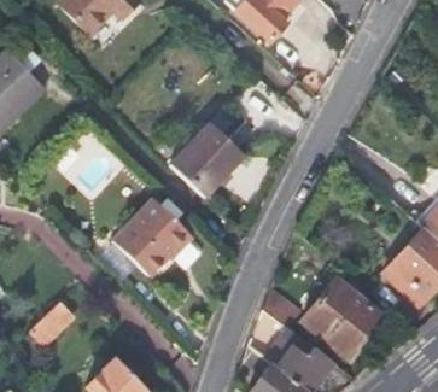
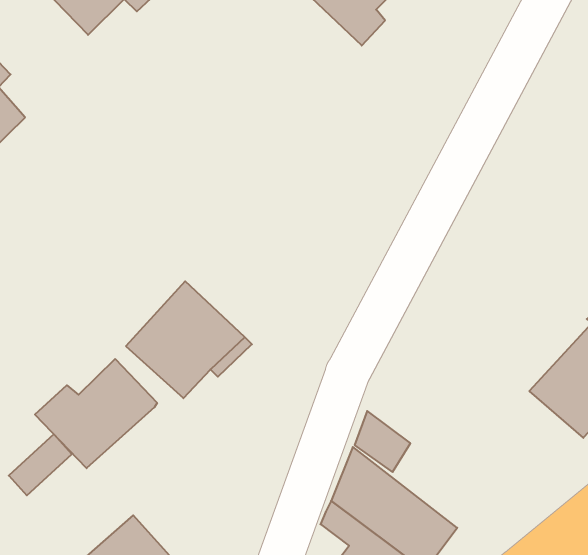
building: [170,123,245,199] -> none
building: none -> [35,359,157,468]
building: [300,277,379,356] -> none

